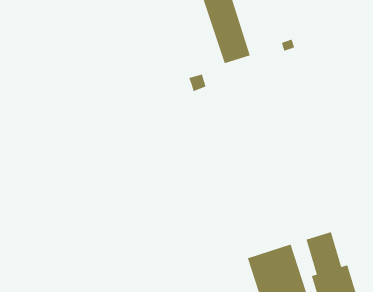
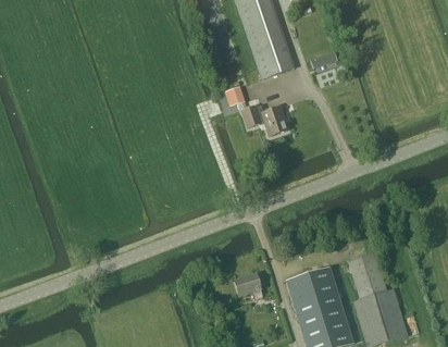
building: none -> [241,103,287,134]
building: none -> [234,272,262,297]

